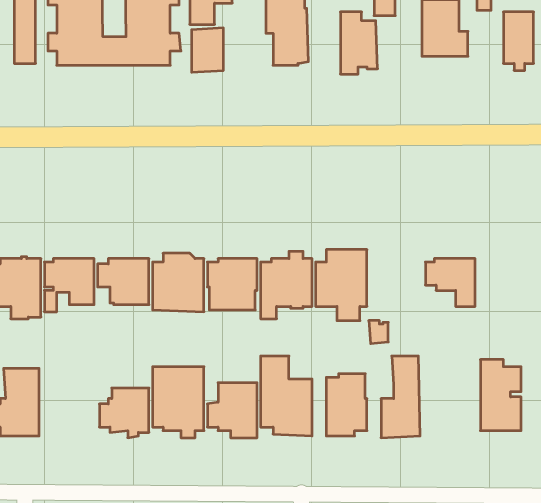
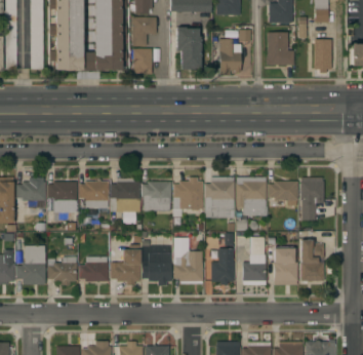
building: none -> [236,176,268,216]
building: none -> [300,177,324,220]
building: none -> [275,246,297,285]
building: none -> [48,257,77,285]

